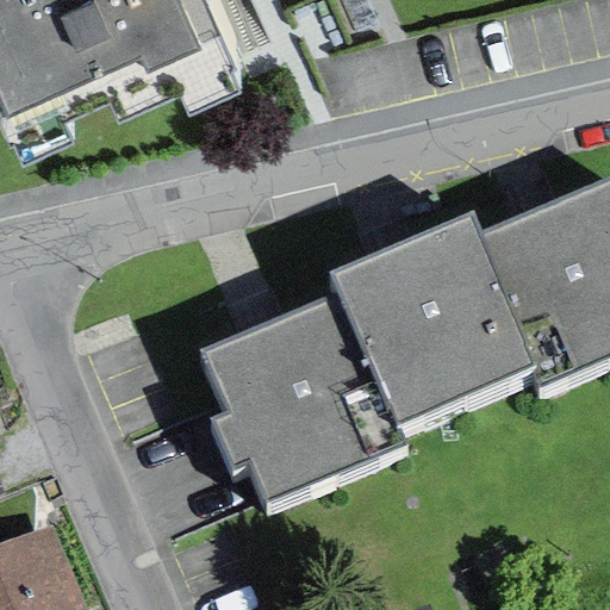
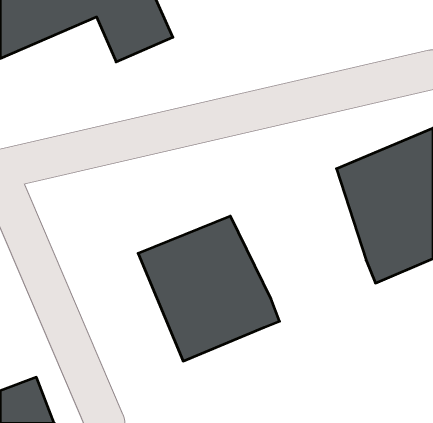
building: [313,217,515,421] -> none

